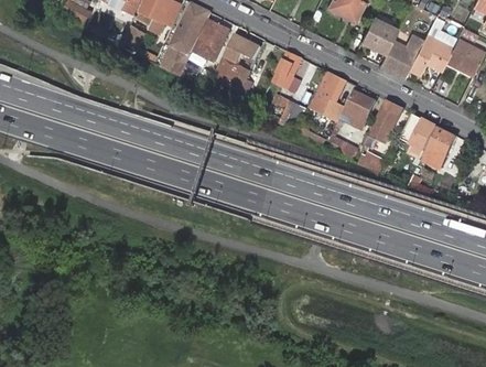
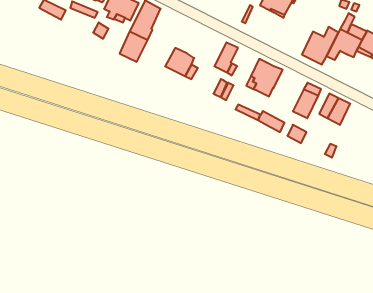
building: [360,19,397,54] -> none
building: [194,20,229,62] -> none
building: [225,34,261,68] -> none
building: [339,91,376,130] -> none
building: [422,128,456,169] -> none

